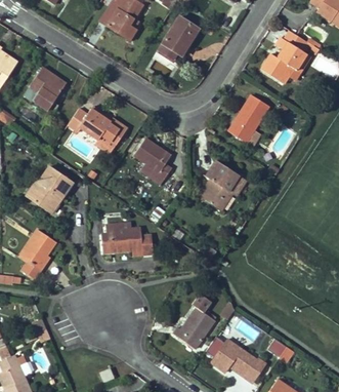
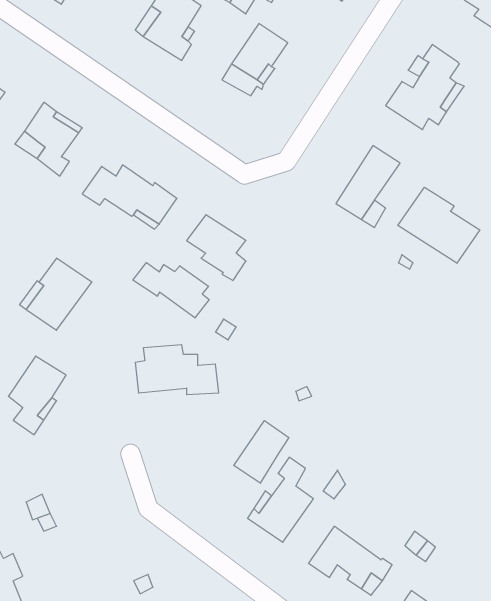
building: none -> [398,187,480,263]
building: [199,160,246,210] -> none
building: none -> [133,263,209,318]
building: none -> [234,421,289,483]

